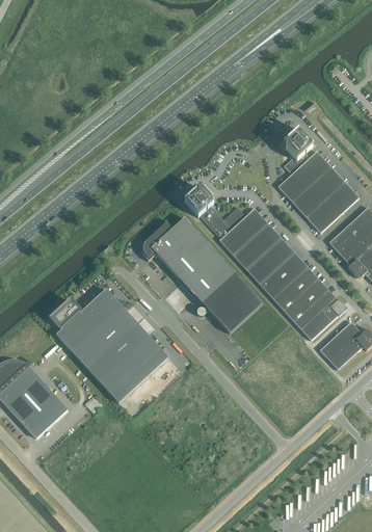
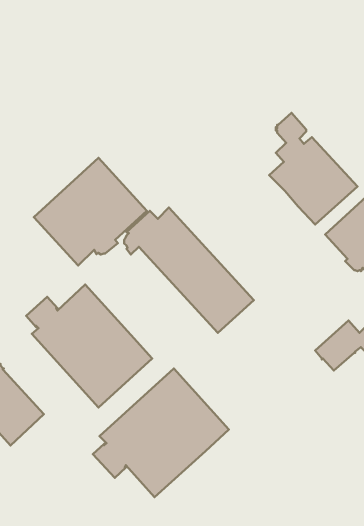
building: none -> [34,158,147,266]
building: [184,188,347,340] -> none
building: none -> [93,368,229,497]

